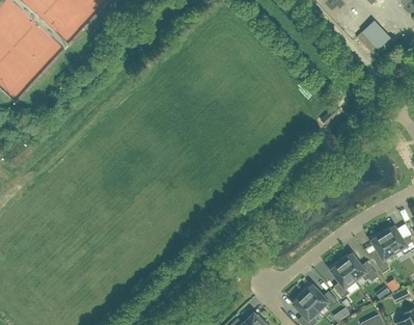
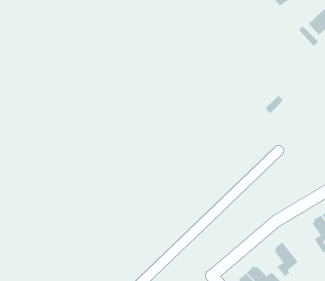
building: [339,253,377,280] -> none

